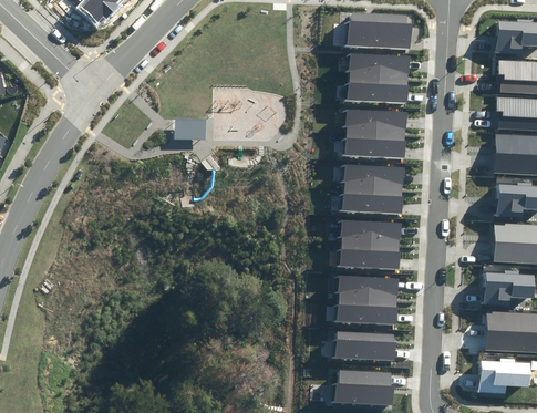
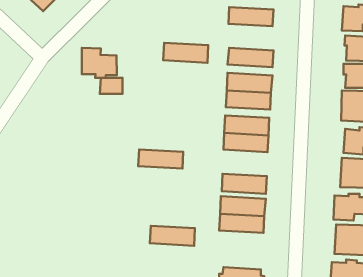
building: [347,53,406,80] -> [163,43,208,63]
building: none -> [82,48,117,78]
building: [338,221,397,247] -> [138,149,183,169]
building: [333,332,393,359] -> [150,226,195,246]

